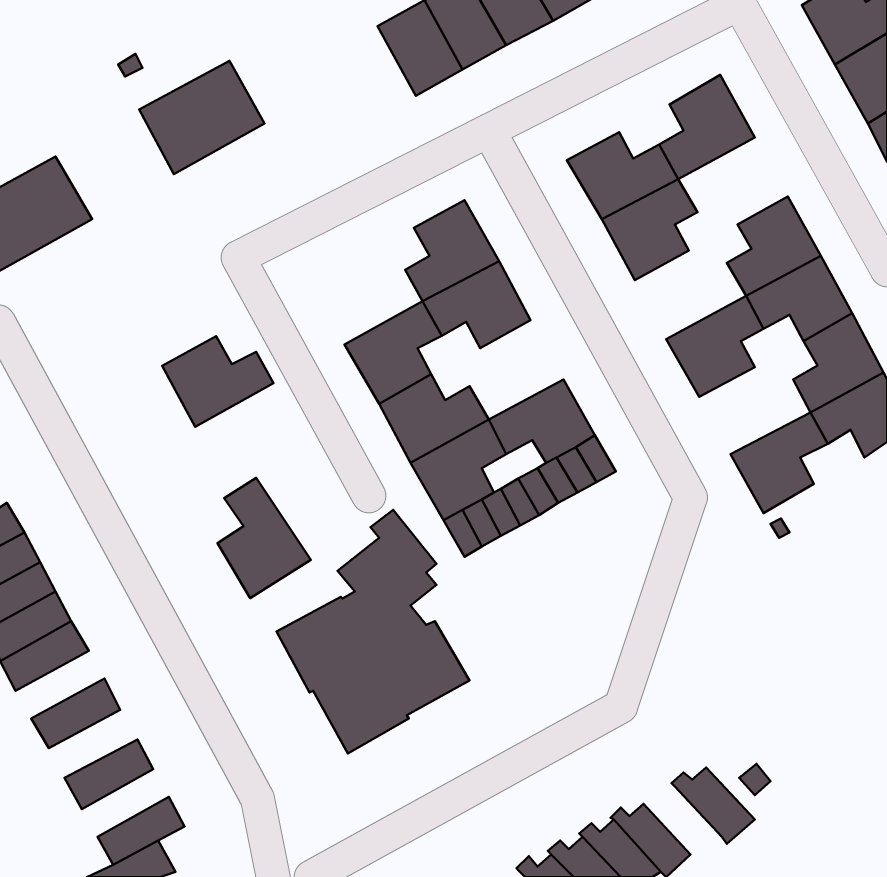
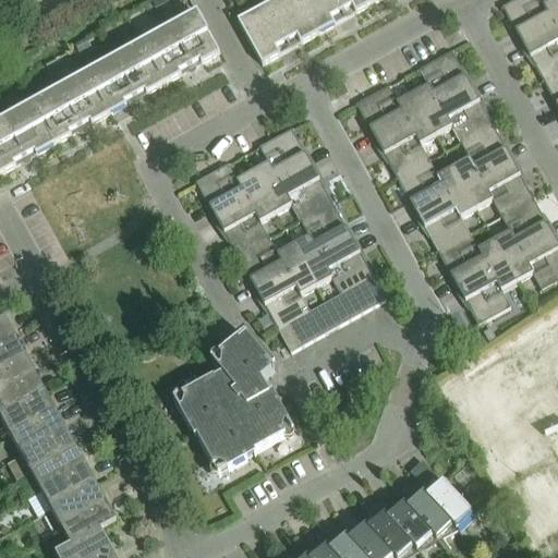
building: none -> [144,9,218,77]
building: none -> [35,69,109,137]
building: none -> [425,86,494,141]
building: none -> [398,157,468,213]
building: none -> [294,201,353,263]
building: [162,336,273,427] -> [195,159,265,216]
building: none -> [438,230,508,284]
building: [217,478,311,598] -> none
building: none -> [10,408,65,450]
building: none -> [31,445,86,487]
building: none -> [51,482,106,524]
building: none -> [401,493,452,539]

